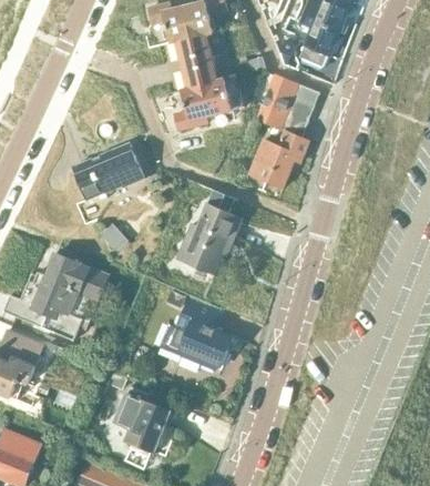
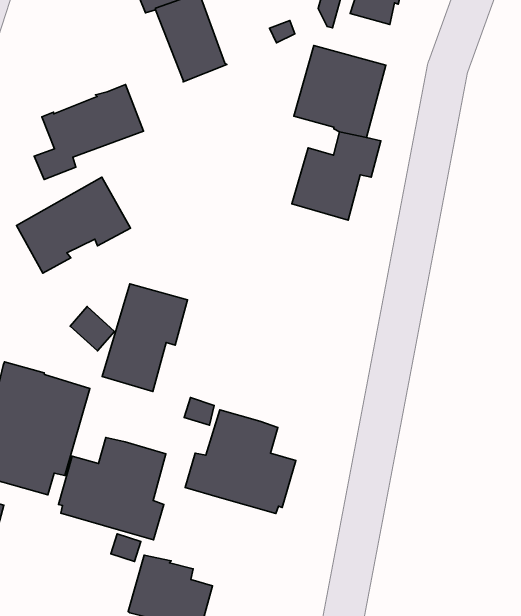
building: [173,75,244,130] -> [34,84,143,180]
building: [182,204,242,274] -> [102,284,188,391]
building: none -> [59,438,166,540]

